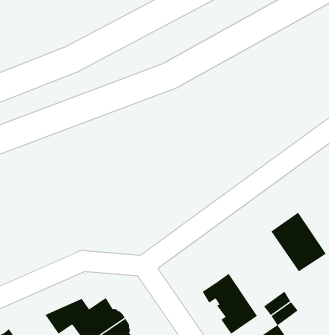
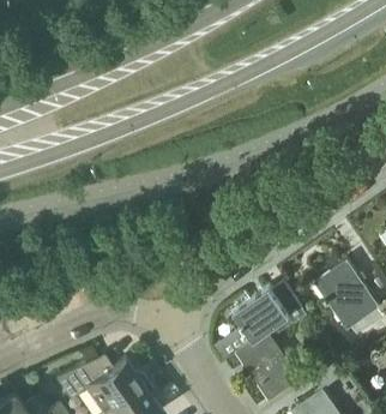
building: none -> [234,283,306,341]

